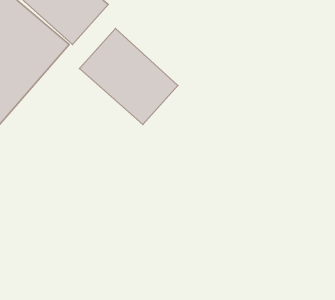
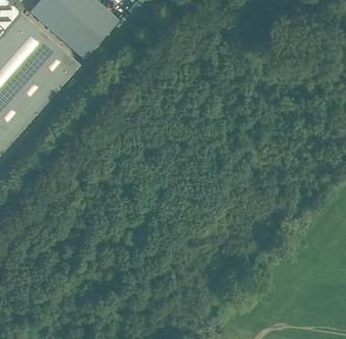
building: [80,28,178,125] -> none

